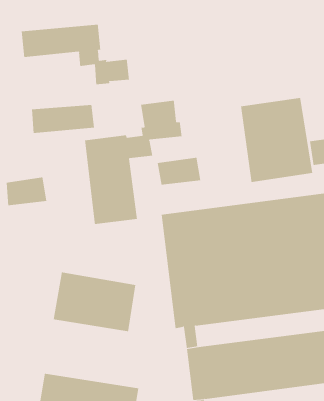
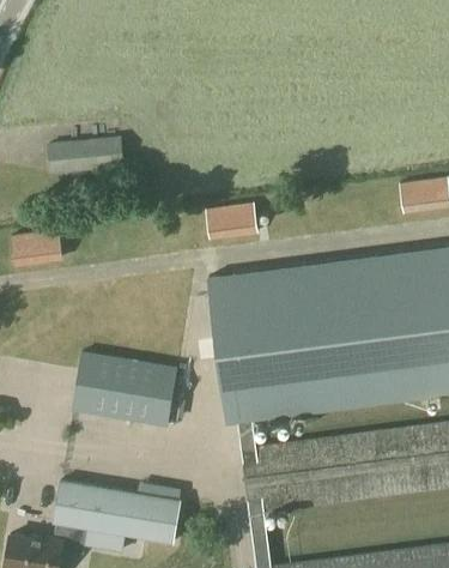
building: [21,24,130,85] -> none
building: [240,97,313,183] -> none
building: [85,100,182,225] -> none

